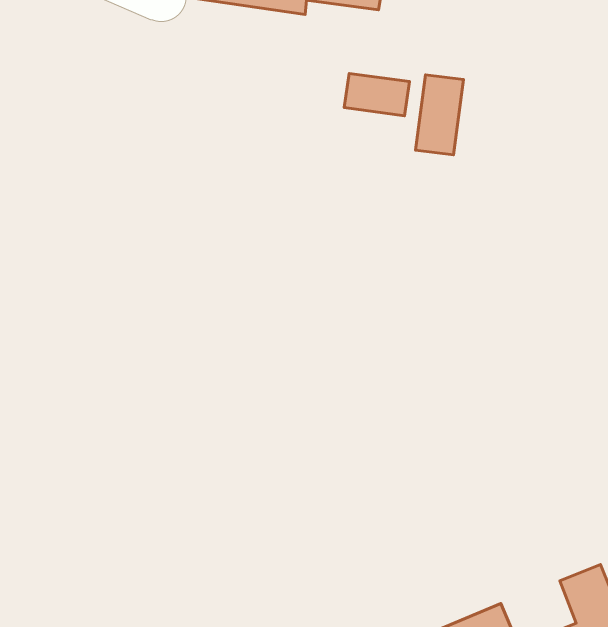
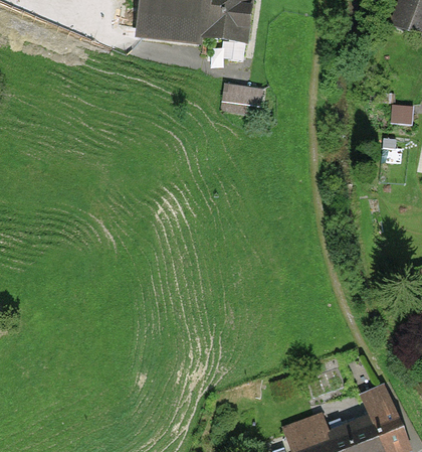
building: [415,75,464,155] -> none

